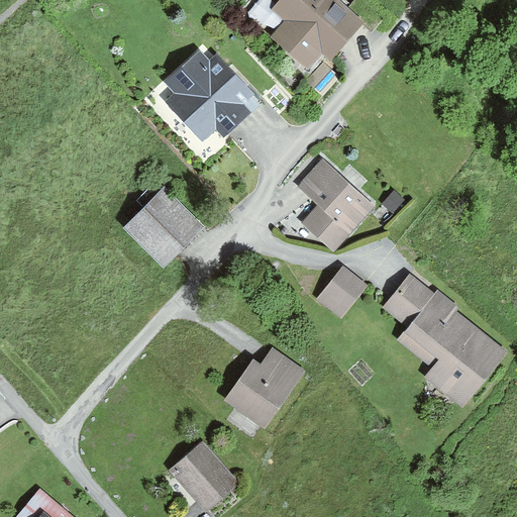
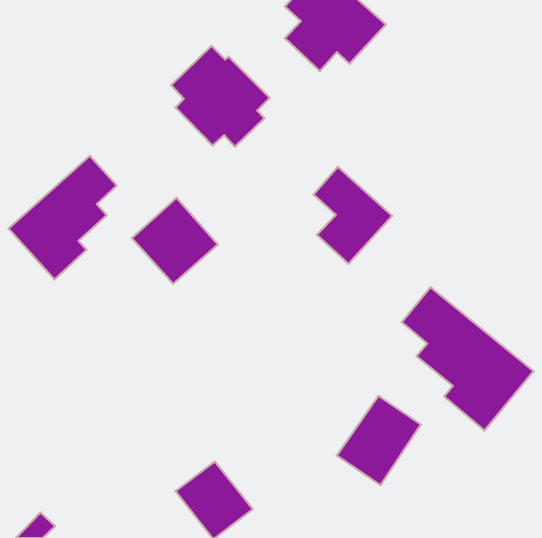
building: none -> [9,156,117,279]
building: [316,266,366,318] -> none
building: [224,344,304,429] -> [337,396,421,485]

